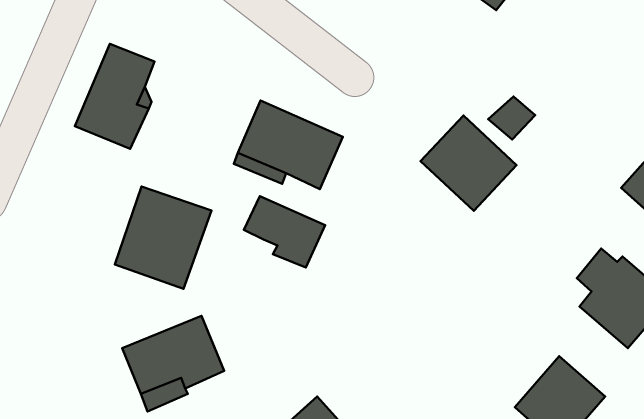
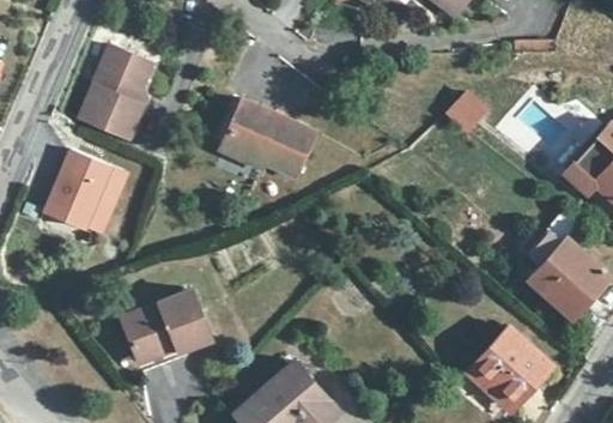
building: [421,116,517,211] -> none
building: [115,186,212,289] -> [43,150,129,241]
building: [244,196,325,267] -> none

